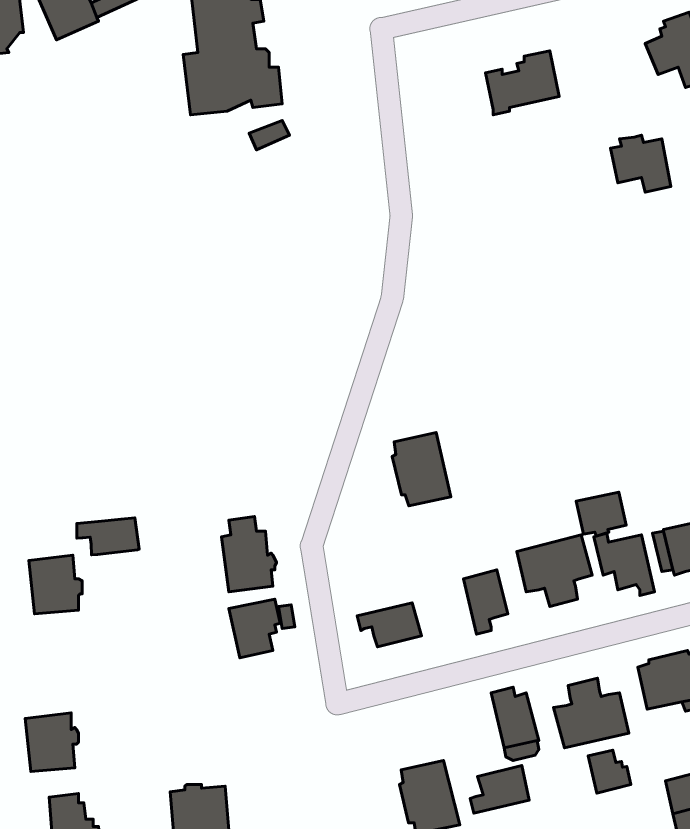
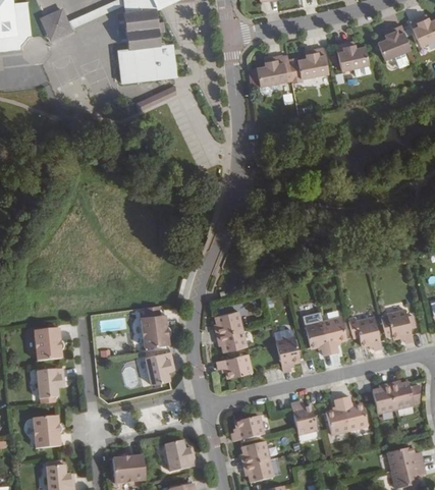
building: none -> [255,55,291,87]
building: [610,135,671,192] -> [336,44,370,75]
building: [392,433,451,506] -> [213,311,246,351]
building: [576,492,626,536] -> none
building: [77,518,139,555] -> none
building: none -> [37,368,63,398]
building: [588,750,631,793] -> none
building: none -> [164,439,196,471]
building: [470,765,529,813] -> [230,415,263,441]

